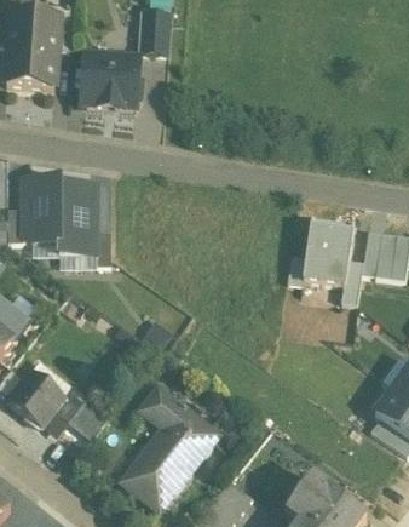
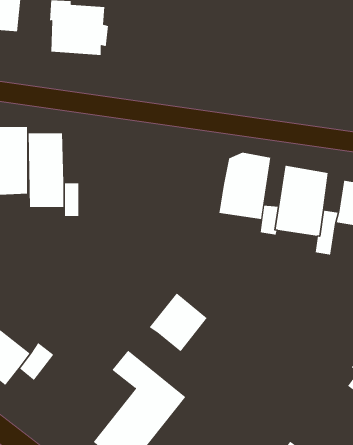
building: none -> [219,152,271,220]
building: none -> [149,293,207,352]
building: [68,397,110,440] -> none

